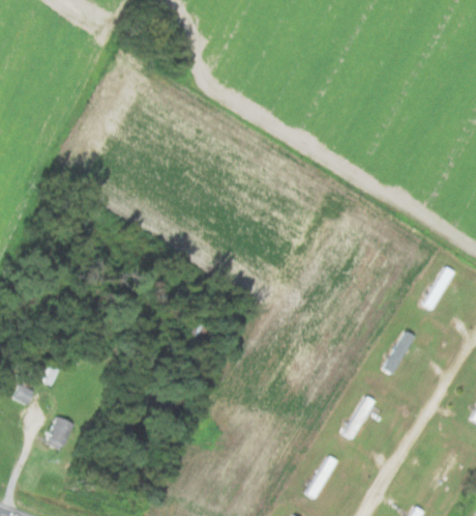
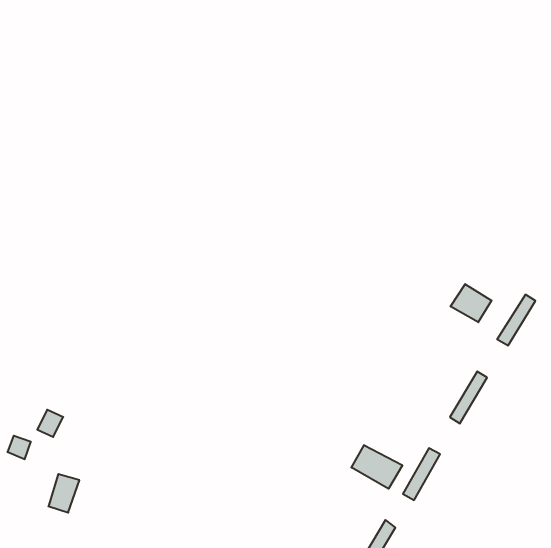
building: none -> [451,284,492,322]
building: none -> [351,445,402,489]

